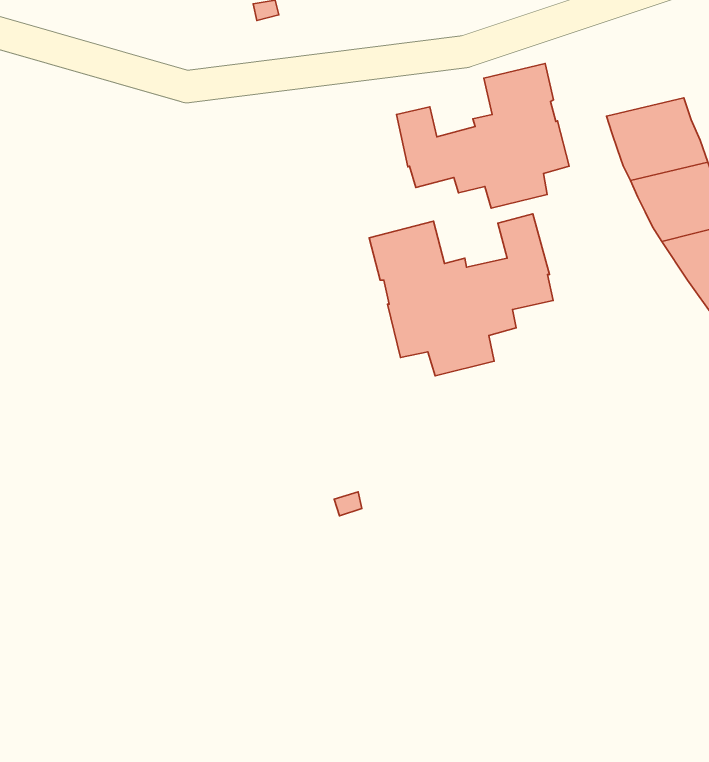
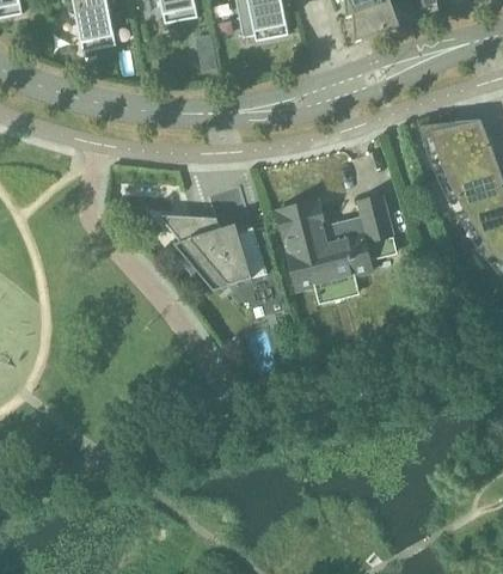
building: [396,64,569,208] -> none
building: none -> [157,212,265,287]

